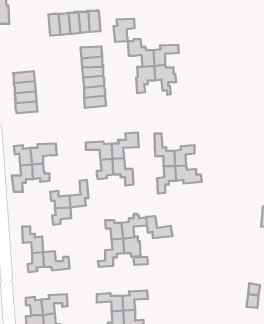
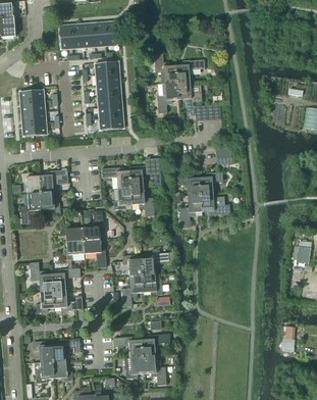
building: [114,19,135,42] -> none
building: none -> [84,239,106,267]
building: [146,216,172,238] -> none
building: none -> [52,267,81,291]

